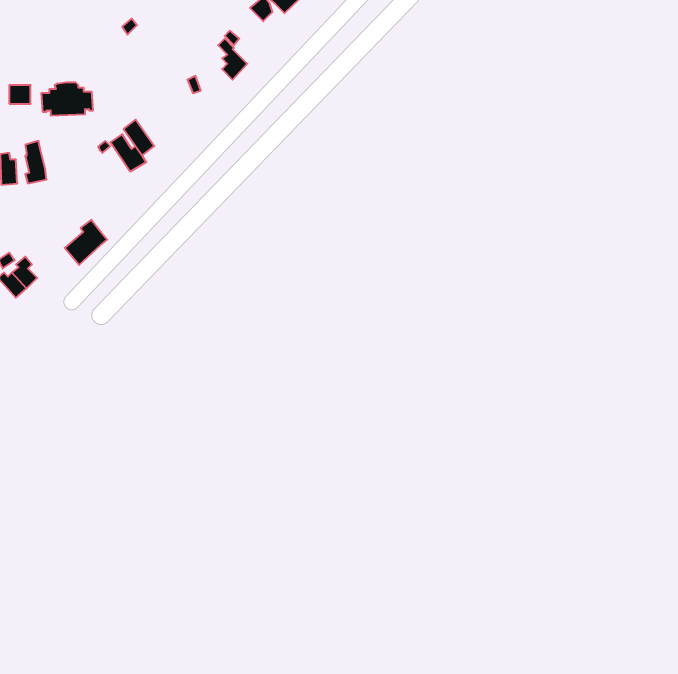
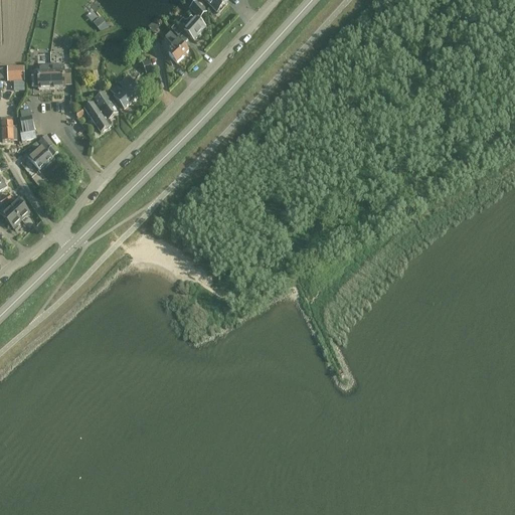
building: none -> [177,13,204,38]
building: none -> [110,74,140,107]
building: [65,220,107,265] -> [26,134,58,168]

